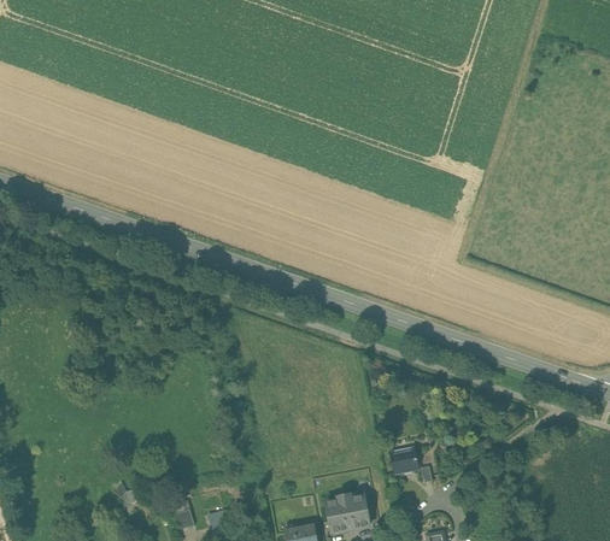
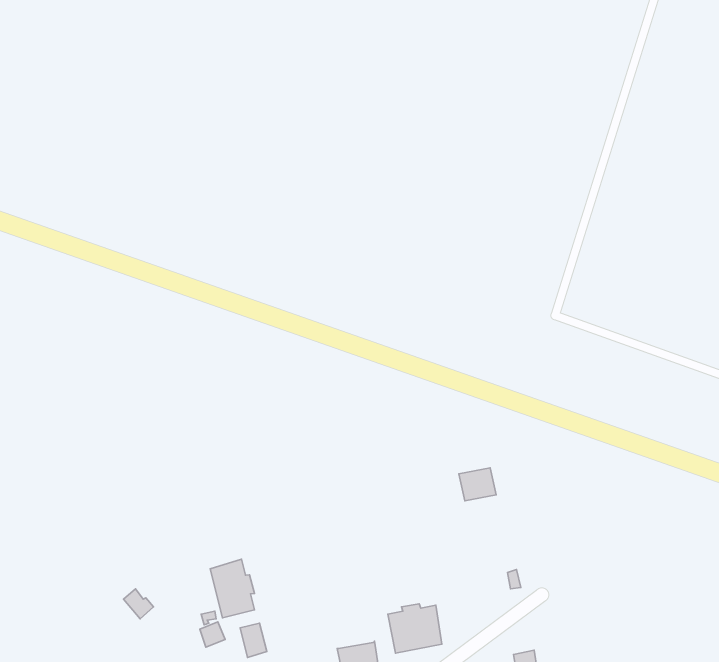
building: [388,447,418,474] -> [459,468,496,501]
building: none -> [210,559,255,618]

